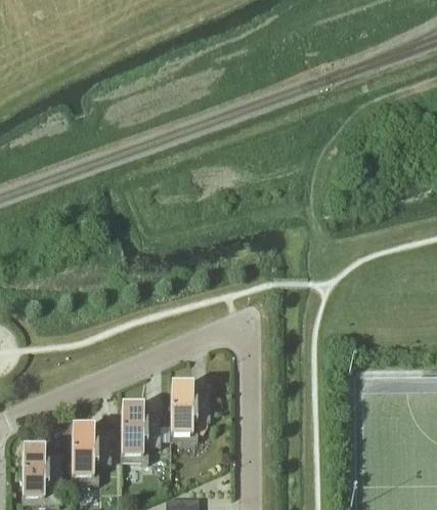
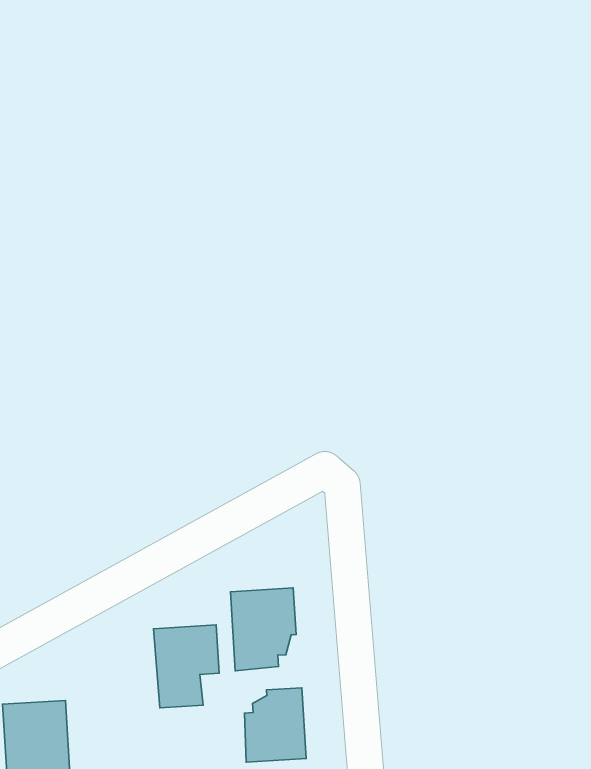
building: [71,425,111,475] -> none
building: none -> [244,688,306,762]

